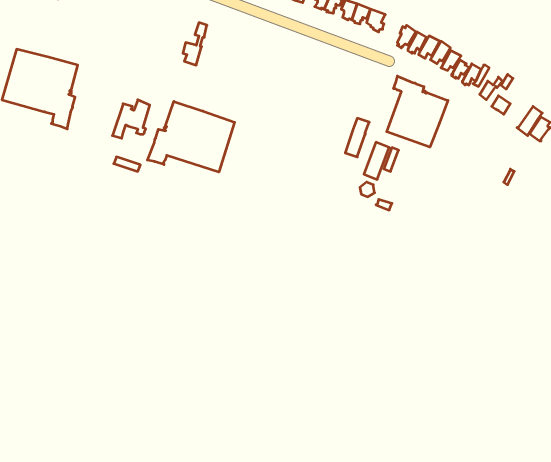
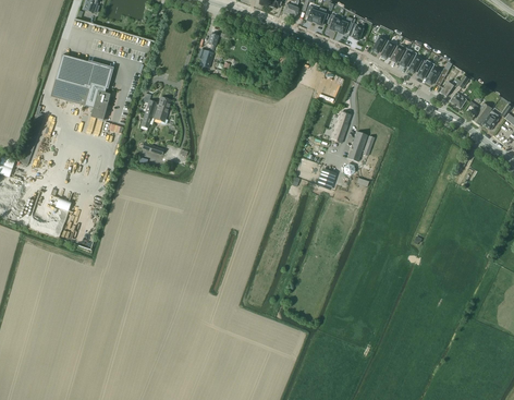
building: [387,76,448,147] -> none
building: [147,101,235,172] -> none

